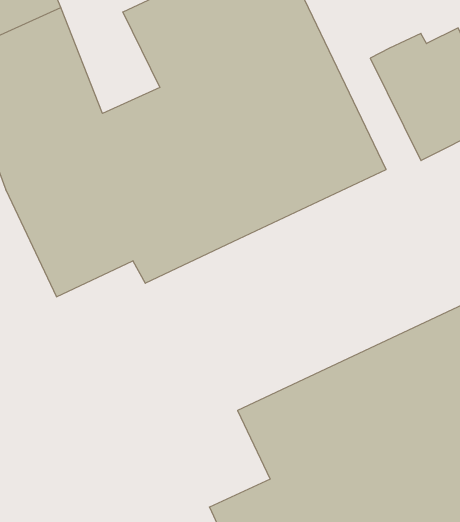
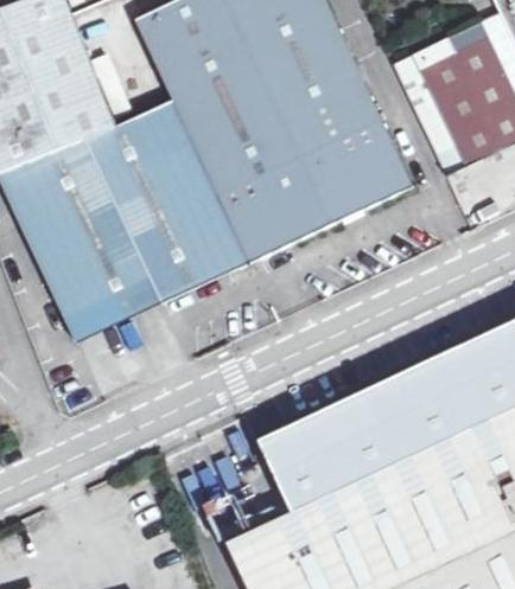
building: none -> [66,281,160,344]

